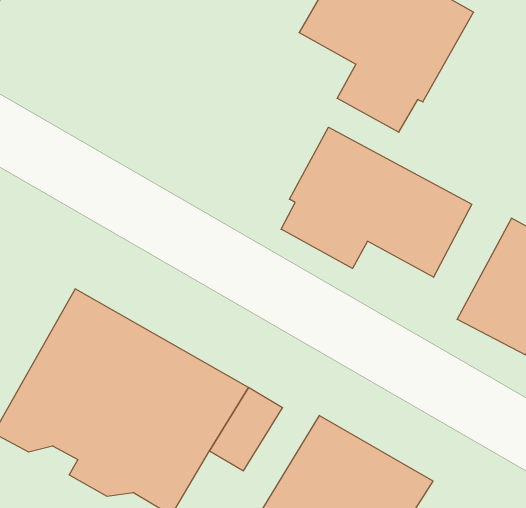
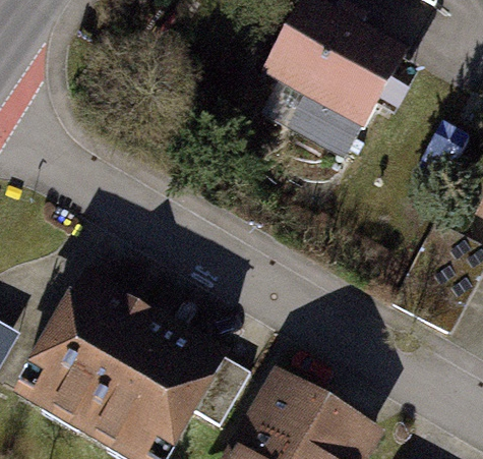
building: [281,127,472,277] -> none

